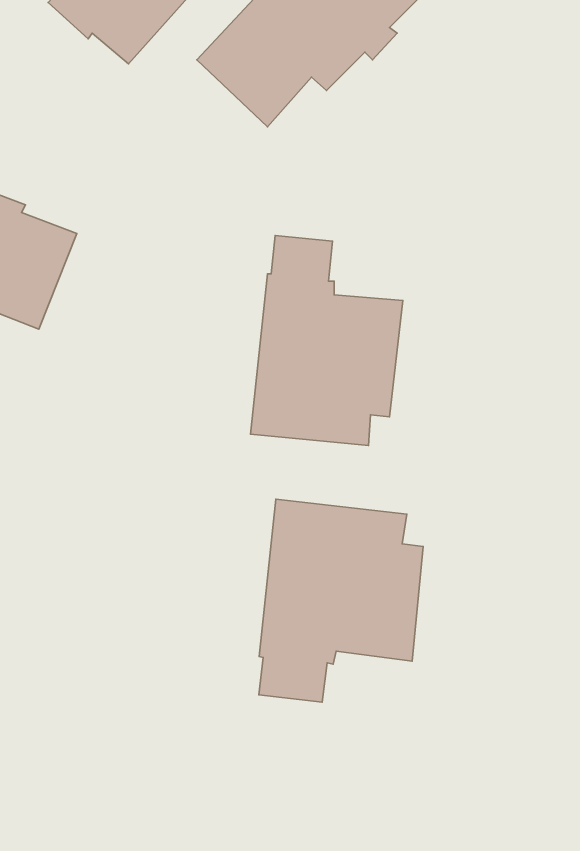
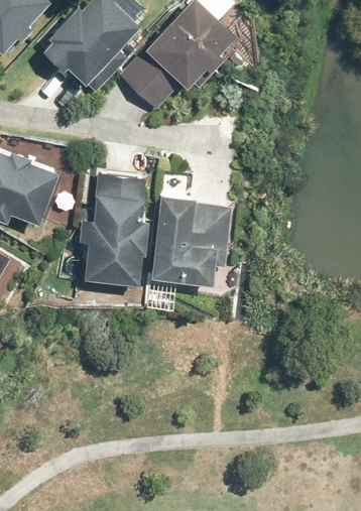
building: none -> [80,175,147,284]
building: [259,499,423,702] -> none

